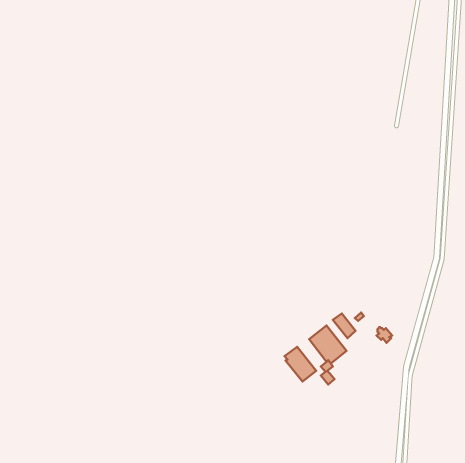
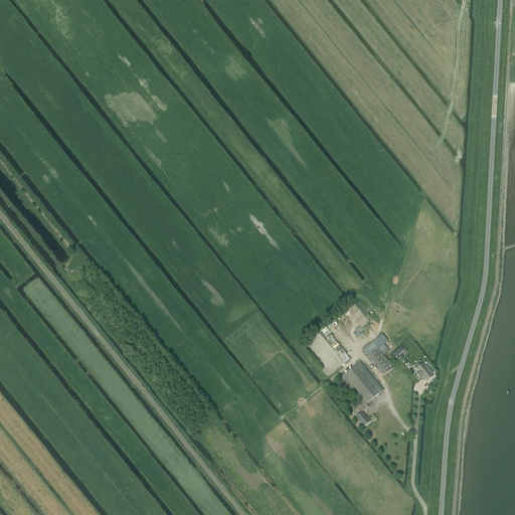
building: [285,347,316,381] -> none

